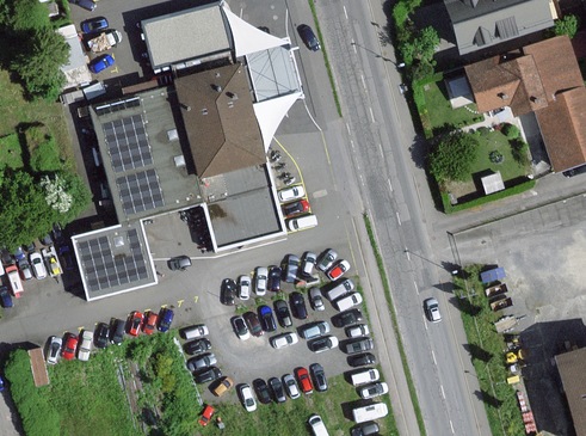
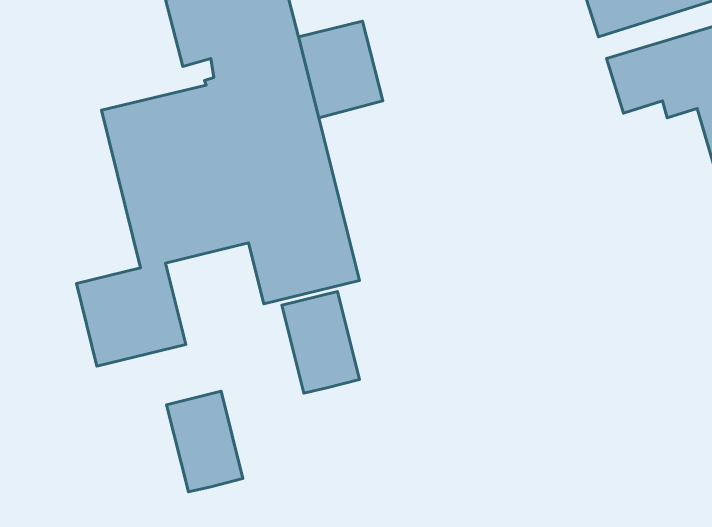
building: none -> [282,291,359,393]
building: none -> [167,391,243,492]

